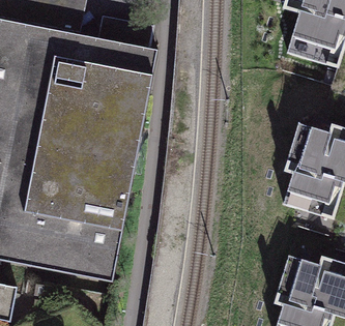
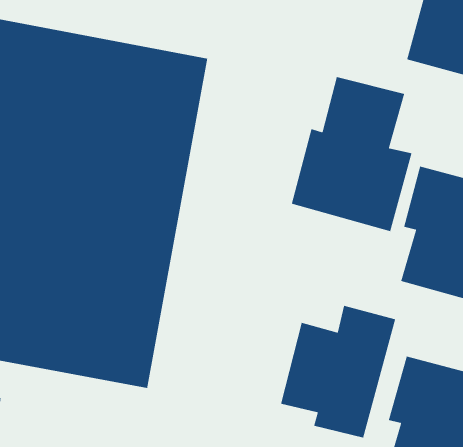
building: none -> [291,76,413,232]
building: none -> [280,305,396,439]

